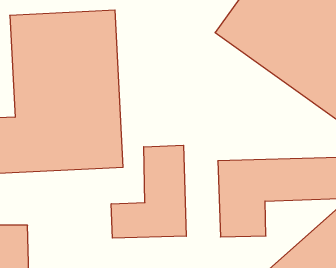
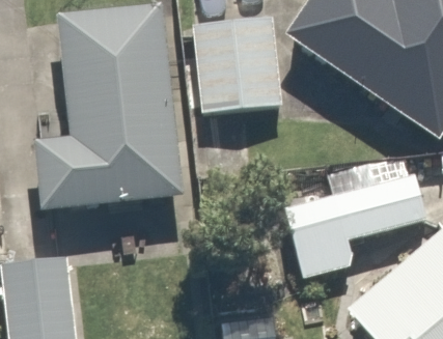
building: none -> [197,31,271,117]
building: [111,145,186,238] -> none

